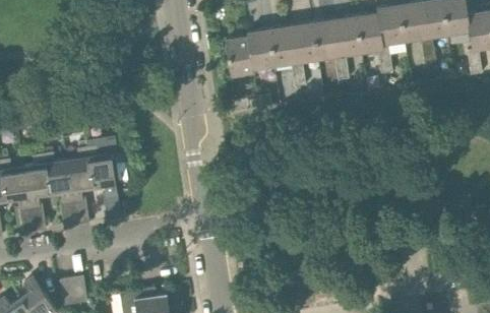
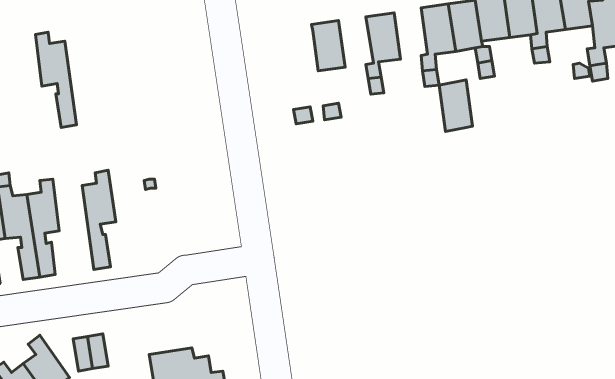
building: [313,18,340,59] -> [439,80,473,131]
building: [269,25,297,65] -> none
building: [226,37,254,77] -> none
building: [87,145,121,220] -> none
building: [44,151,76,227] -> [35,32,77,127]

